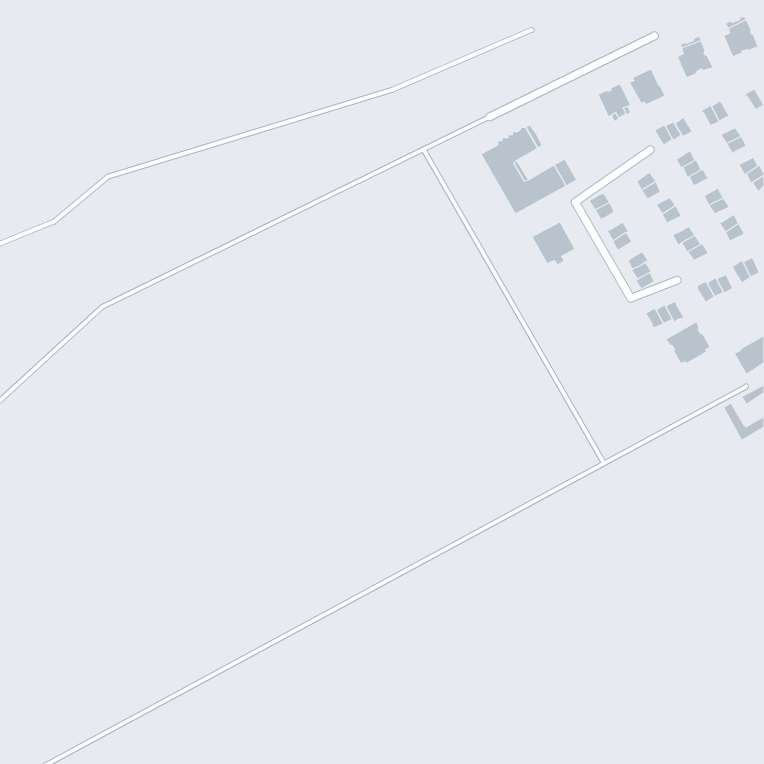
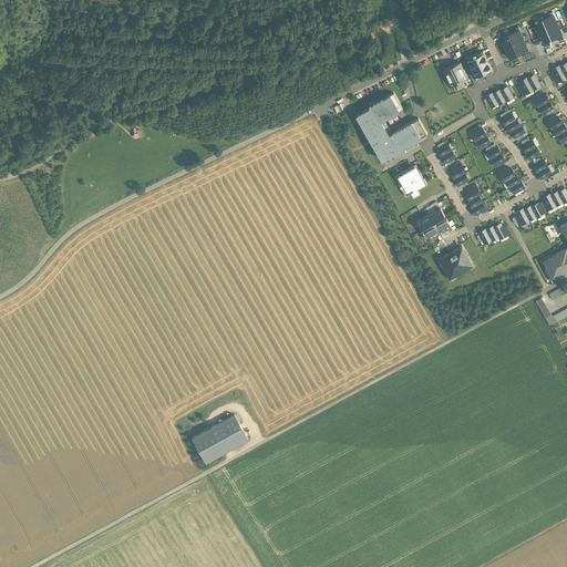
building: none -> [415,202,453,239]
building: [665,322,710,363] -> [437,246,471,277]
building: none -> [192,415,247,463]

